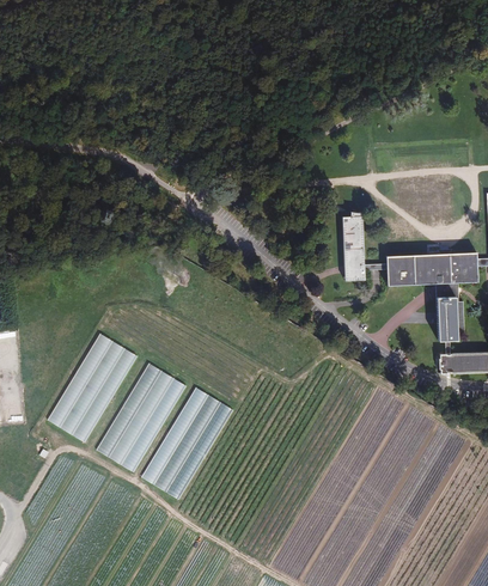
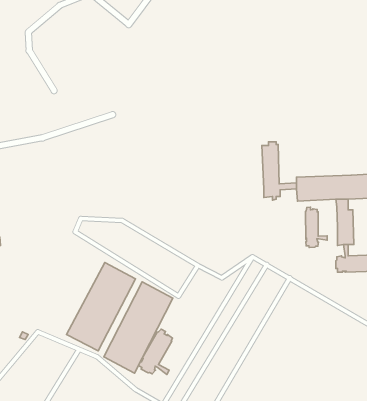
building: none -> [305,207,327,247]
building: [50,332,136,442] -> none
building: none -> [138,329,172,374]

